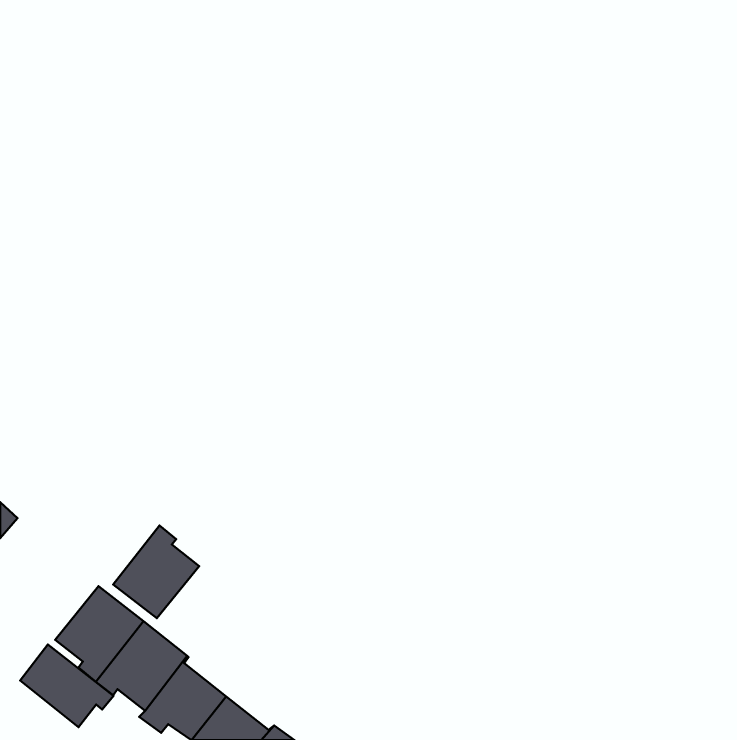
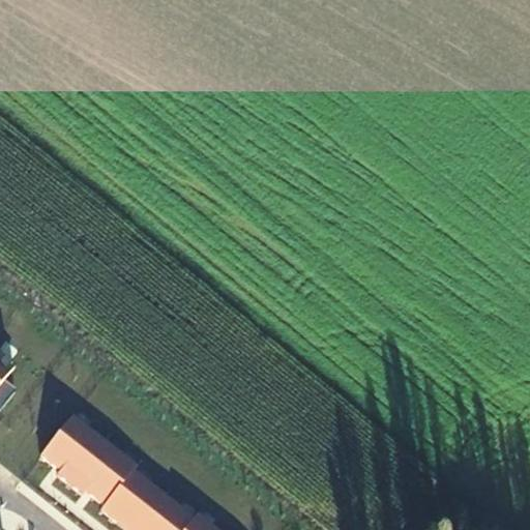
building: [113,525,199,618] -> none
building: [20,644,113,727] -> none

